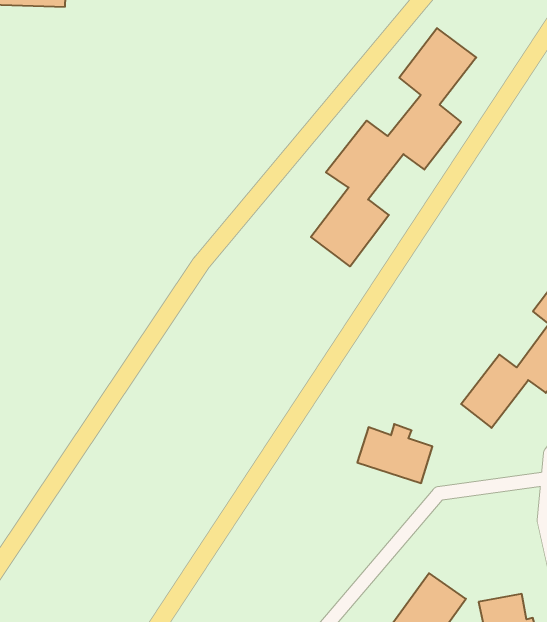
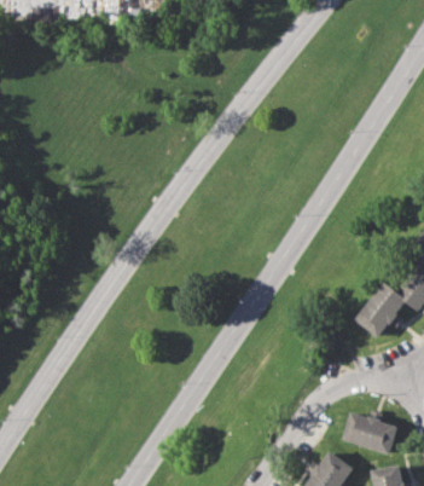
building: [311,28,476,266] -> none
building: [357,424,432,483] -> [342,410,399,455]

